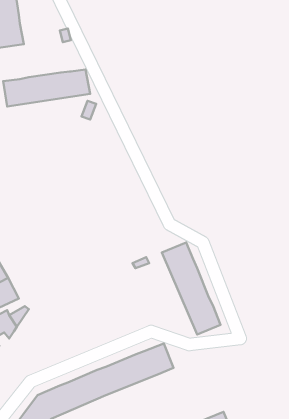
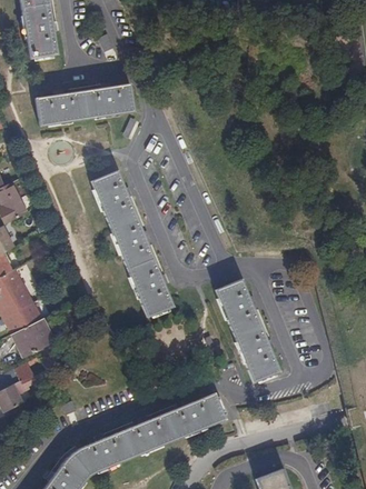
building: none -> [87,161,174,316]

